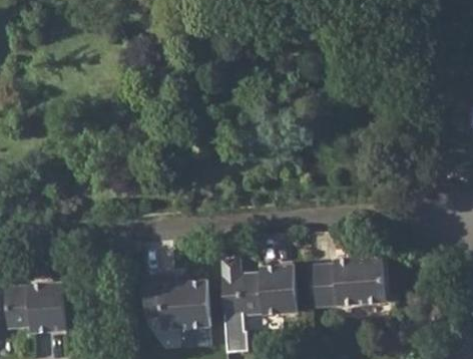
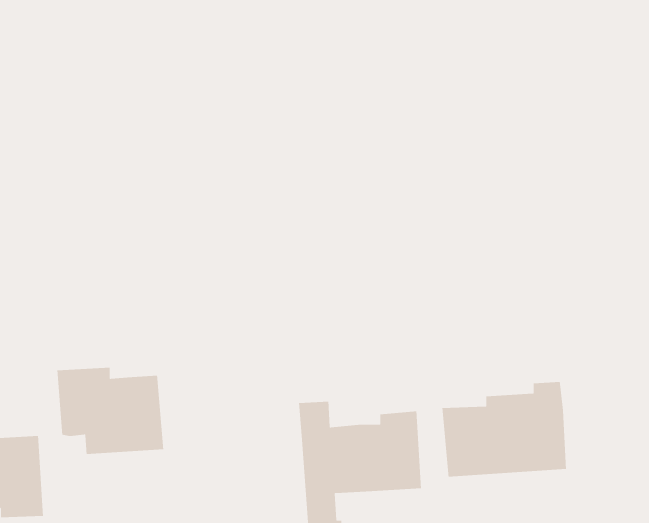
building: [143,275,209,329] -> [57,367,164,455]

